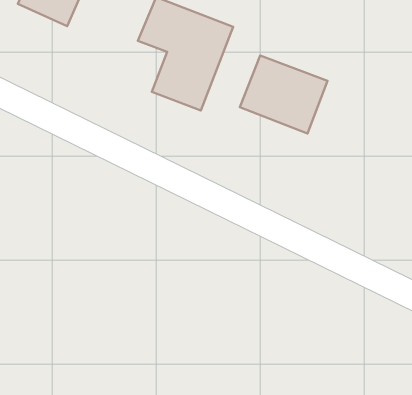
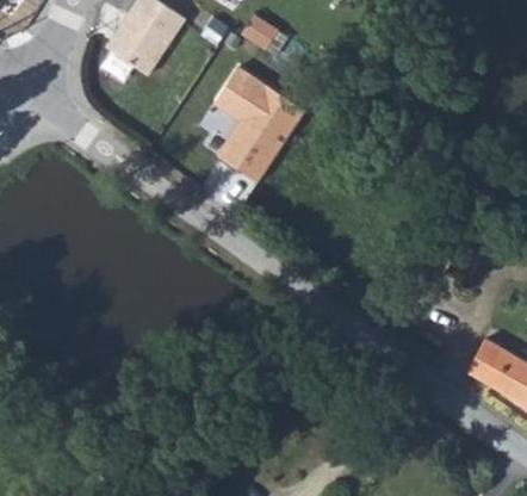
building: [240,55,327,134] -> none

